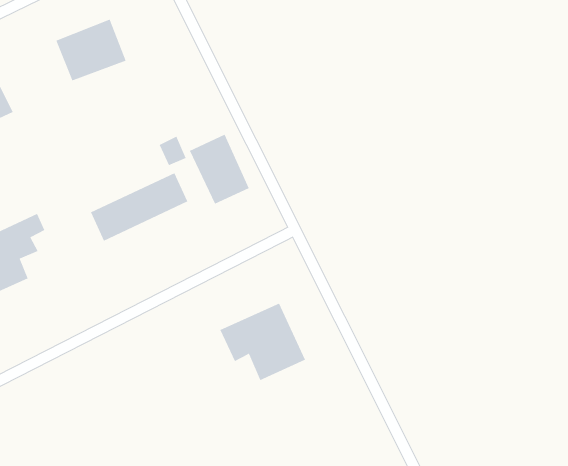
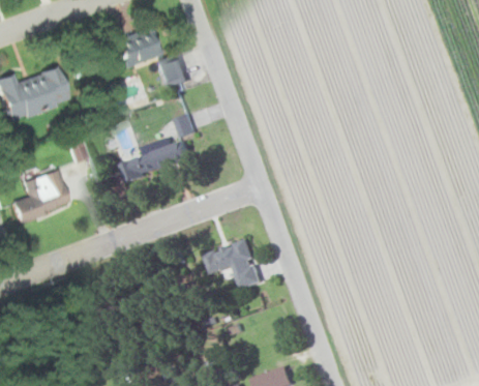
building: none -> [157,55,189,89]
building: [189,134,250,204] -> none

